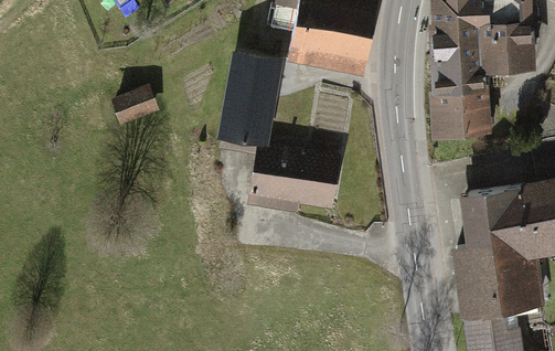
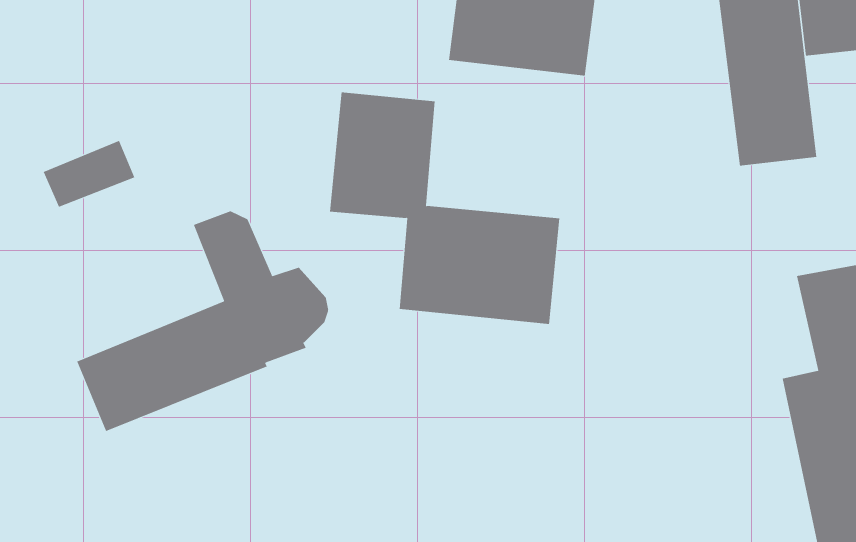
building: [107,87,160,124] -> [43,140,135,207]
building: none -> [76,211,329,432]

